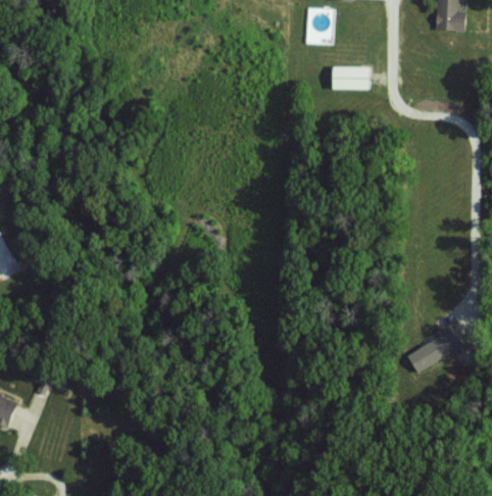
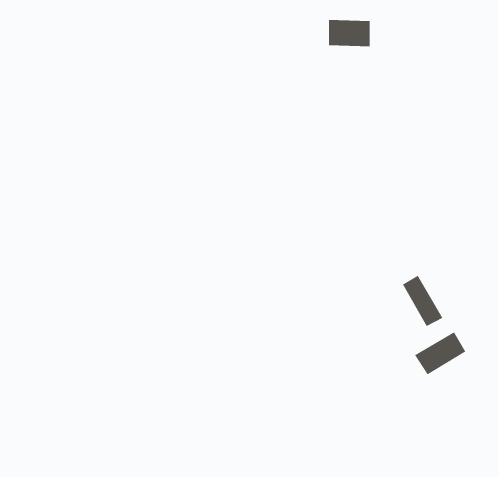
building: none -> [402,275,443,327]

